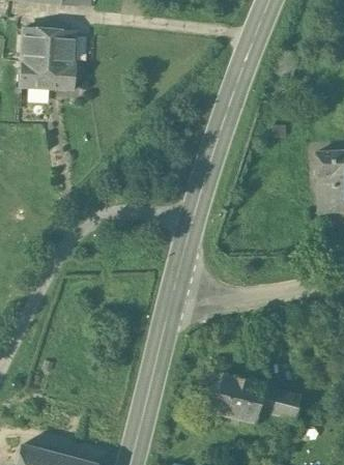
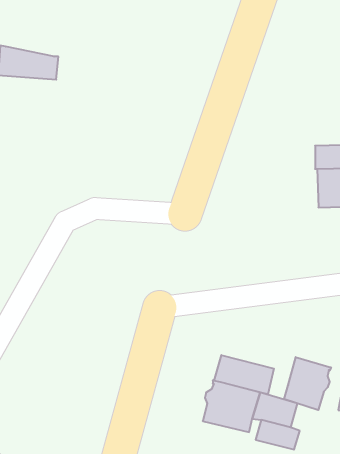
building: [28,30,77,68] -> none
building: none -> [214,355,274,394]
building: none -> [284,357,331,410]

